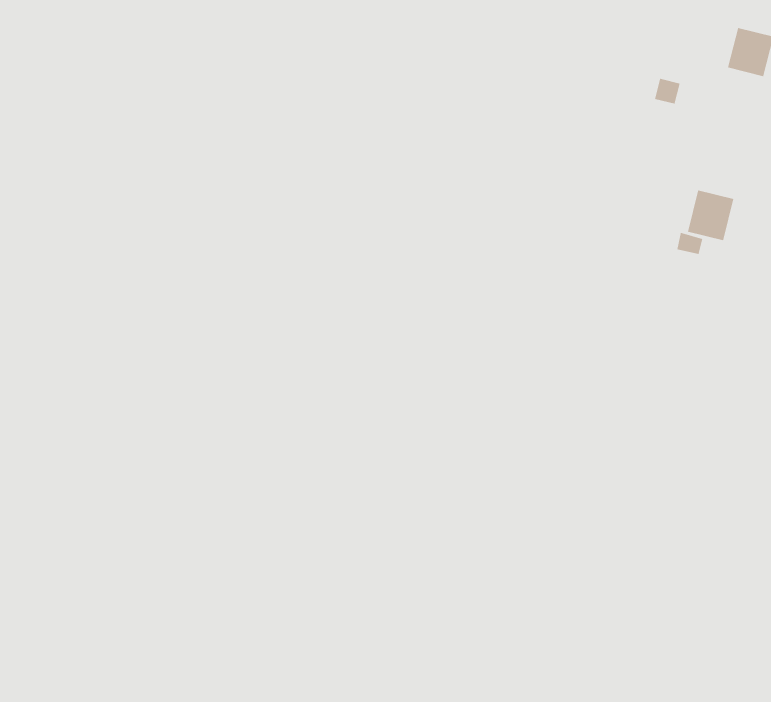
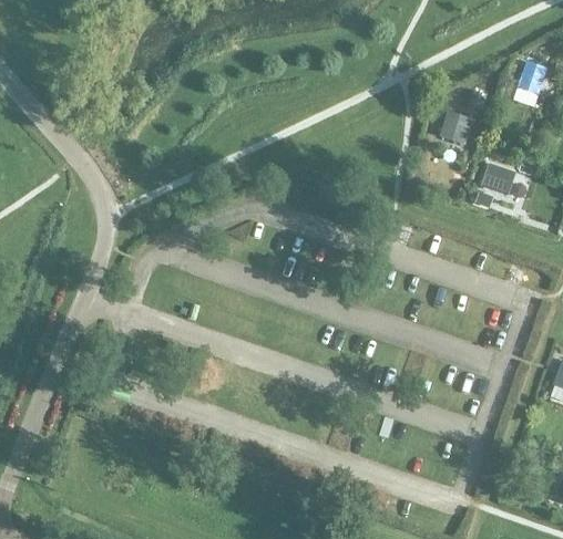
building: none -> [439,111,473,144]

